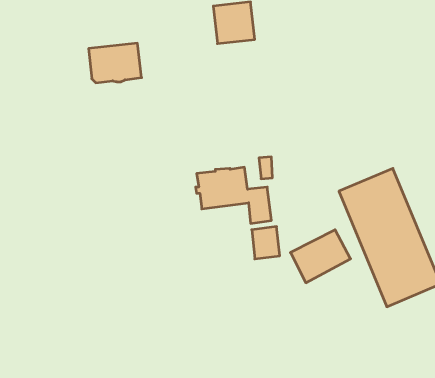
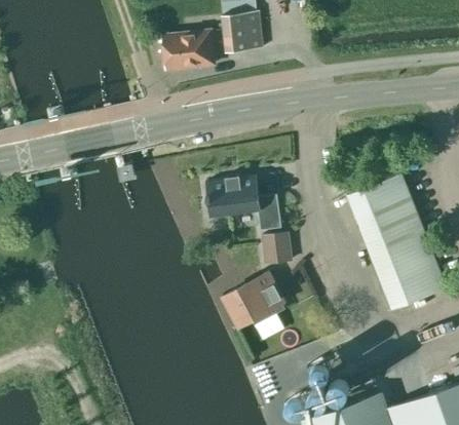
building: [89,43,142,83] -> [162,31,215,70]
building: [290,230,351,283] -> [225,273,284,325]

